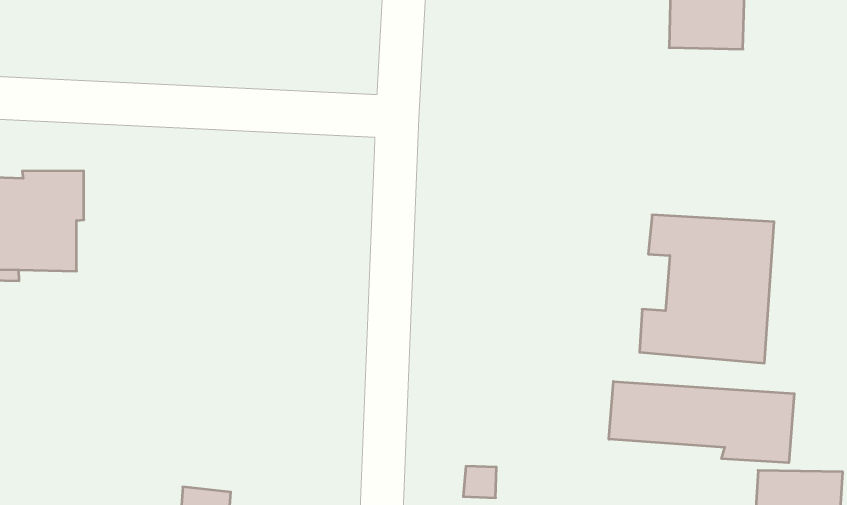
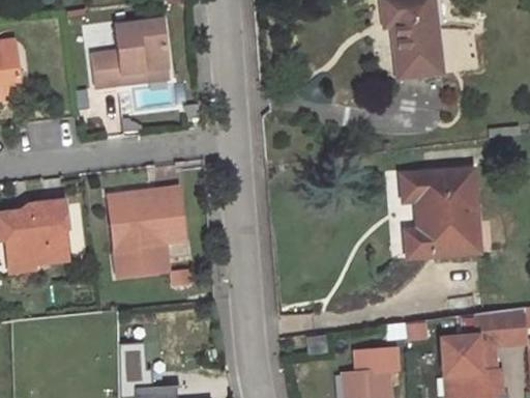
building: none -> [109,189,186,273]
building: [609,381,794,463] -> none

